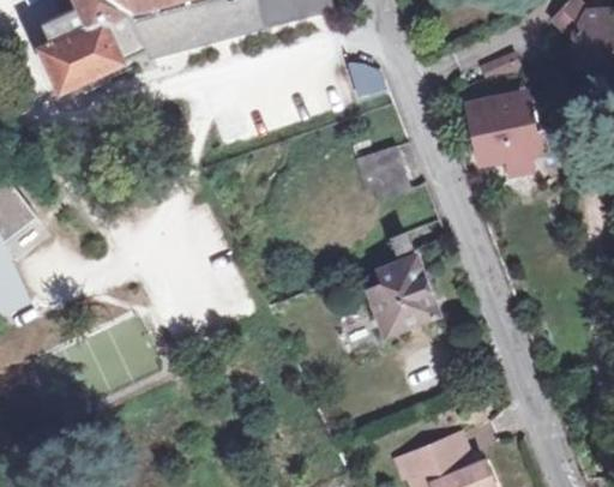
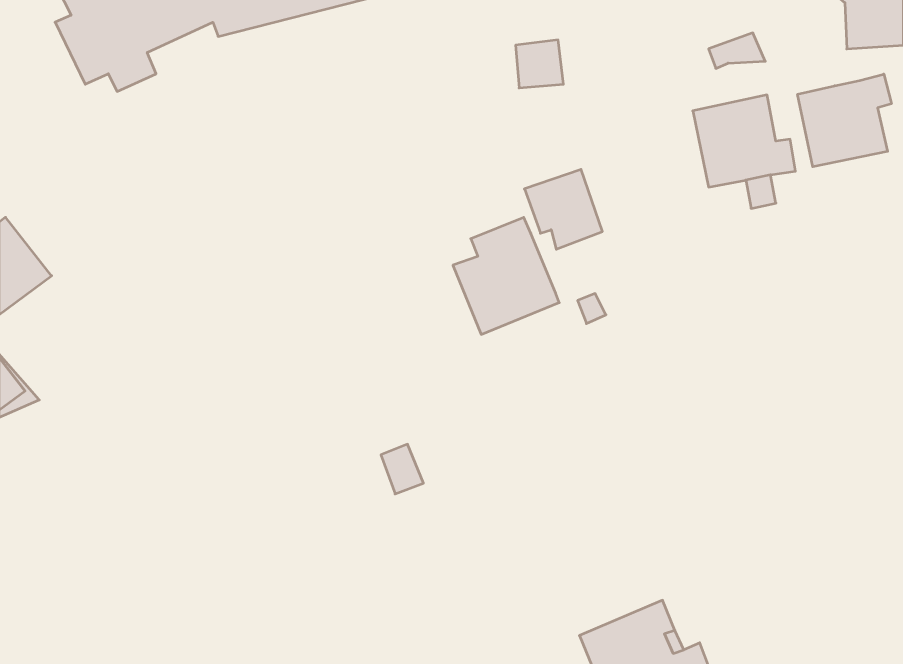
building: none -> [798,74,891,167]
building: [366,252,438,331] -> [453,217,559,334]

